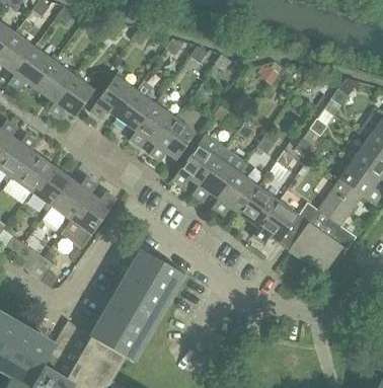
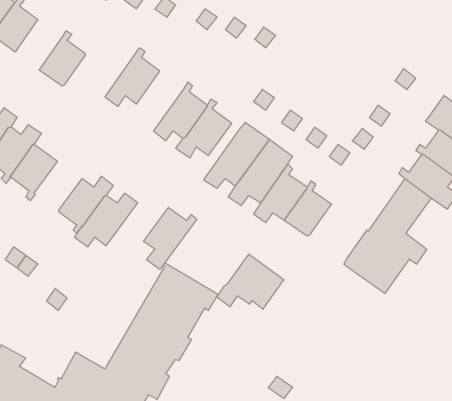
building: [8,42,54,90] -> none
building: [48,70,94,118] -> none
building: [116,84,155,139] -> none
building: [30,164,70,211] -> none
building: [251,200,307,245] -> [217,254,284,309]
building: none -> [144,207,197,269]

